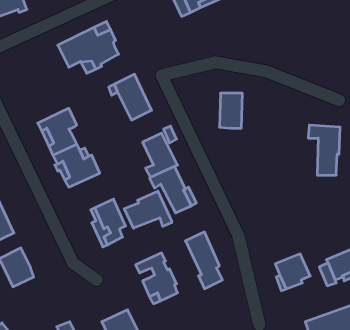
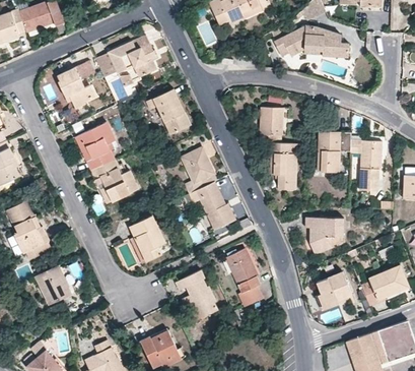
building: none -> [273,27,351,58]
building: none -> [58,61,95,110]
building: none -> [318,131,351,173]
building: none -> [271,143,298,190]
building: [124,191,172,228] -> none
building: none -> [304,217,343,254]

